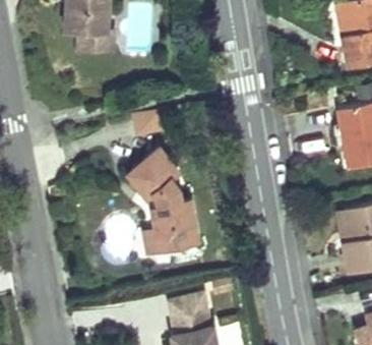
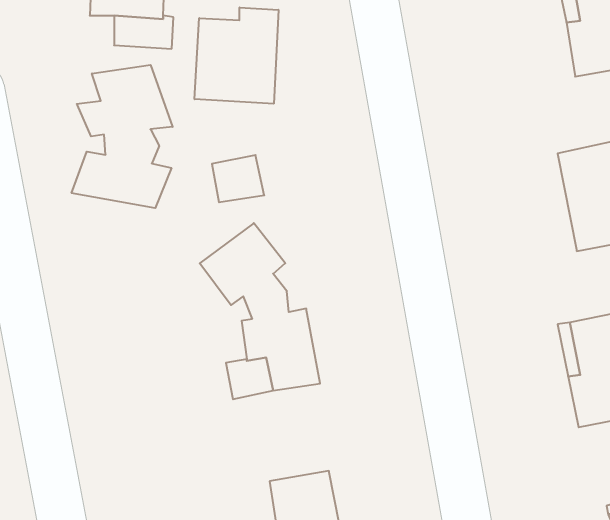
building: none -> [195,7,278,104]
building: none -> [72,65,173,208]

